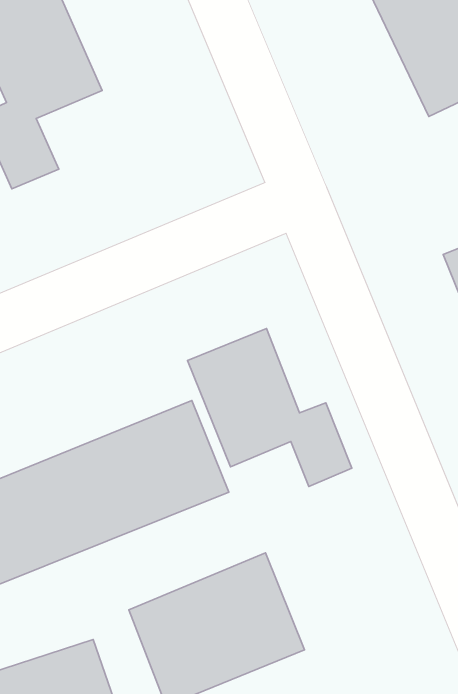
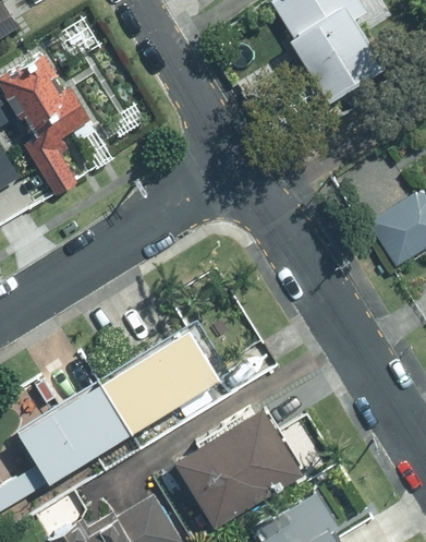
building: [187,328,352,486] -> none

